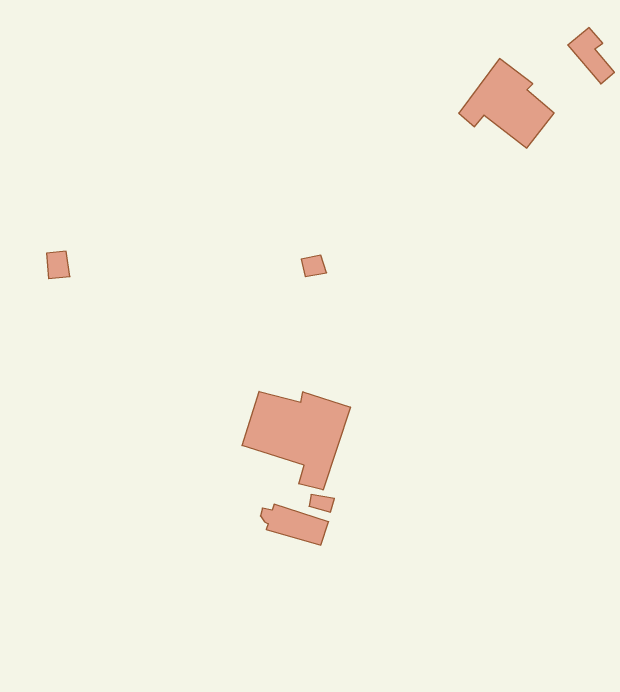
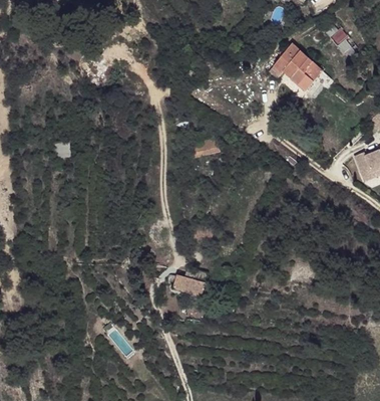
building: [242,391,350,490] -> none

